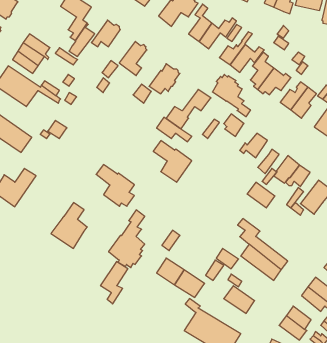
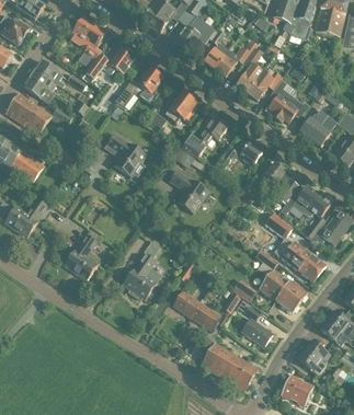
building: [212,74,250,117] -> none
building: [96,165,134,206] -> [106,134,146,176]
building: none -> [282,242,326,283]
building: [101,261,128,304] -> none

